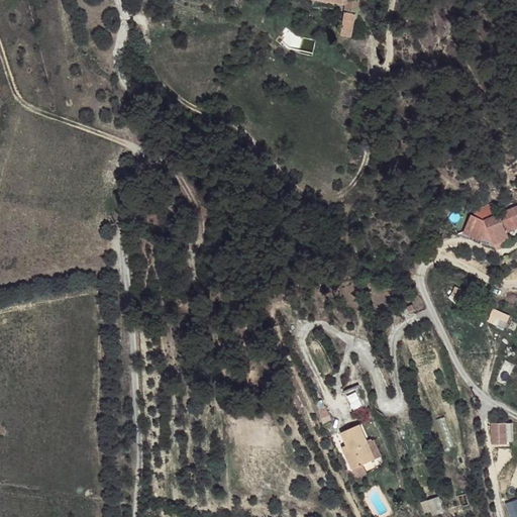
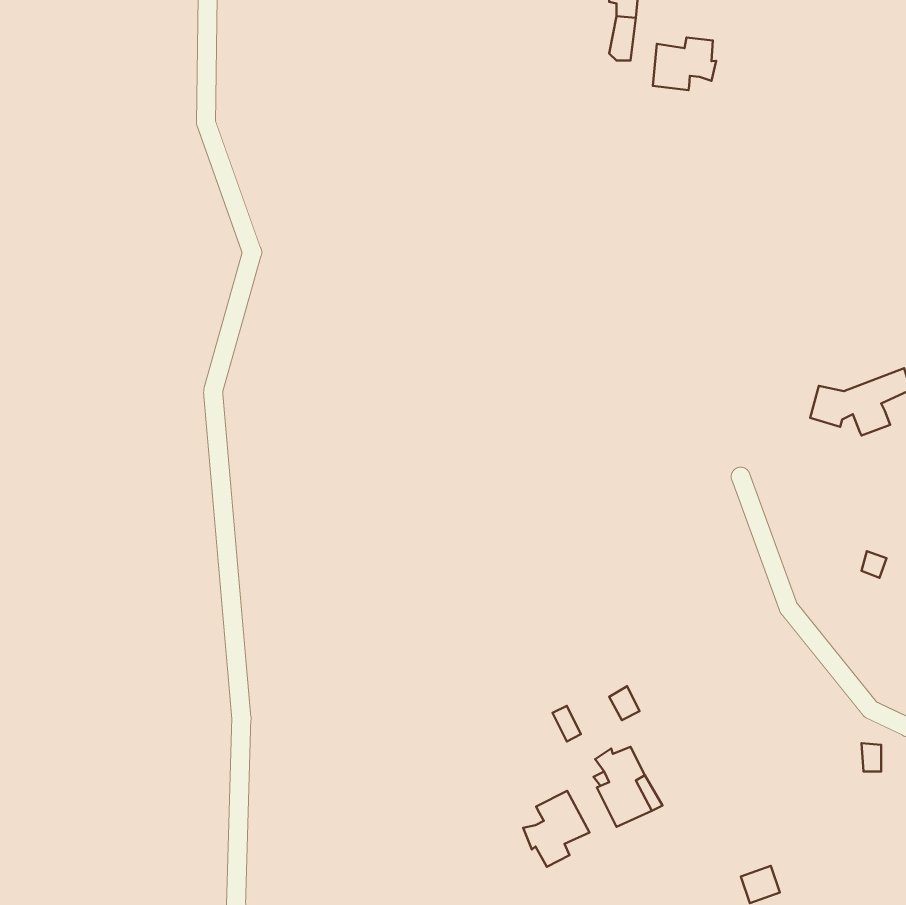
building: none -> [653,37,716,90]
building: none -> [523,791,589,867]

